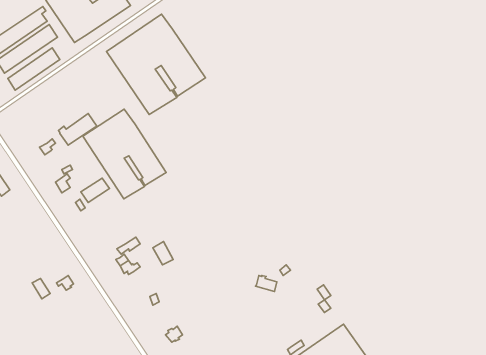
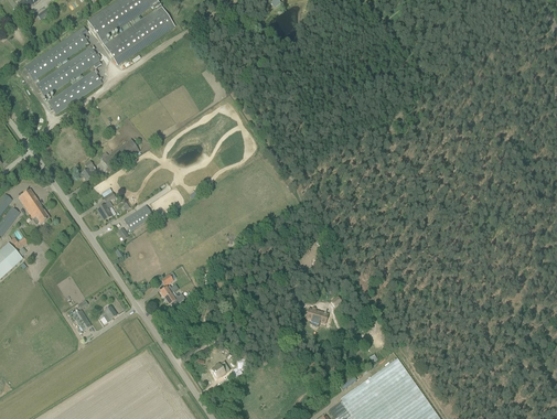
building: [106,14,205,115] -> none
building: [83,109,166,199] -> none

